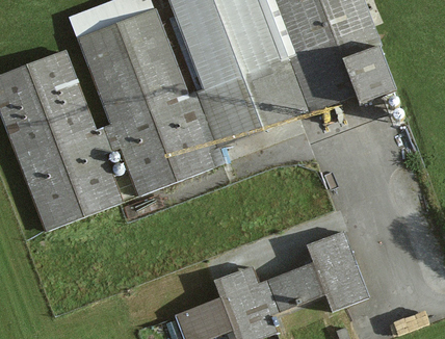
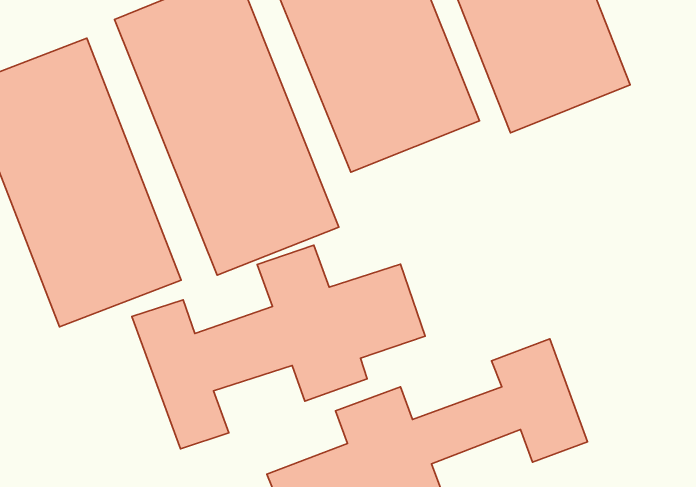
building: none -> [132,245,425,449]

